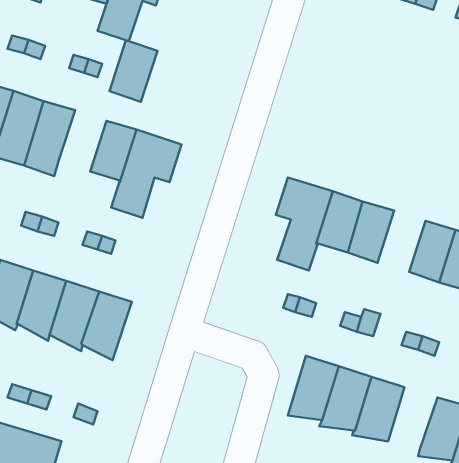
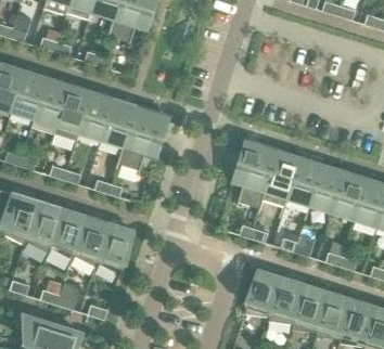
building: [109,40,157,102] -> [80,92,115,137]
building: none -> [311,165,346,209]
building: none -> [317,293,355,338]

